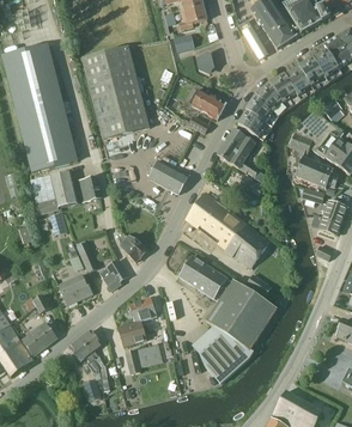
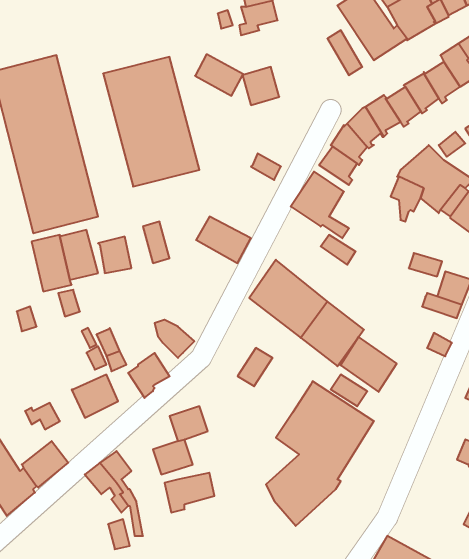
building: [192,90,226,120] -> [195,54,243,96]
building: [295,155,339,188] -> none
building: [190,262,231,301] -> [340,337,397,392]

